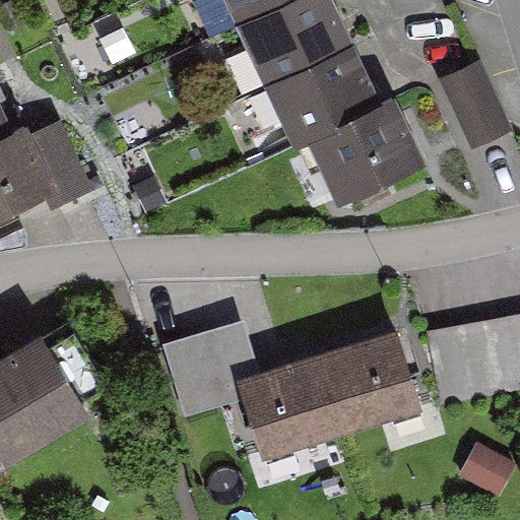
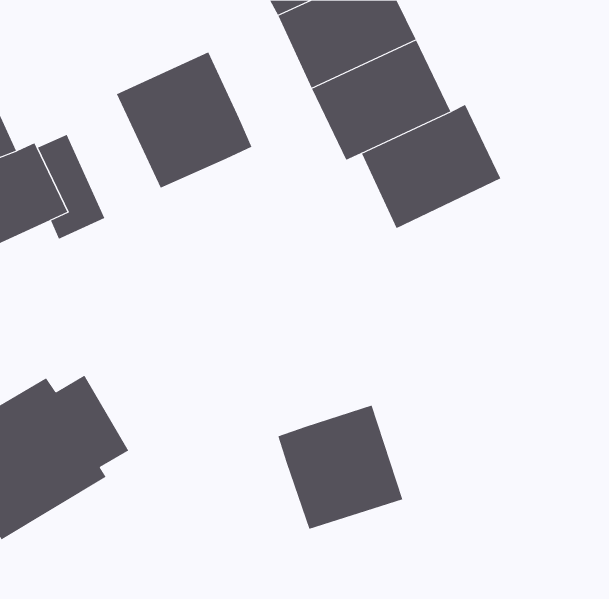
building: none -> [116,52,252,189]
building: [437,65,513,156] -> none
building: [160,324,259,422] -> none
building: [316,329,422,435] -> none

